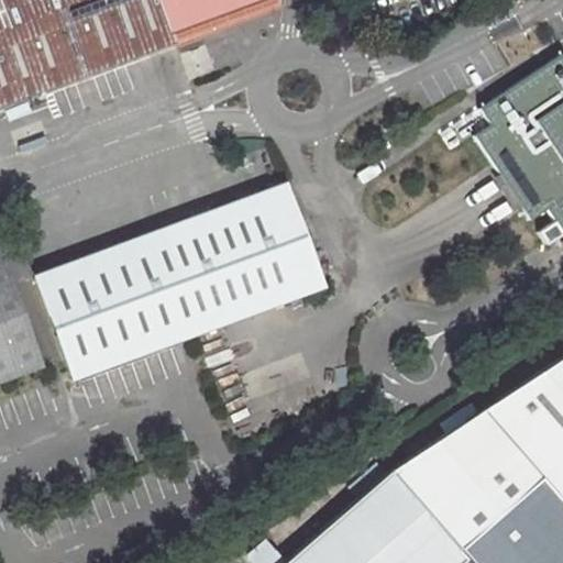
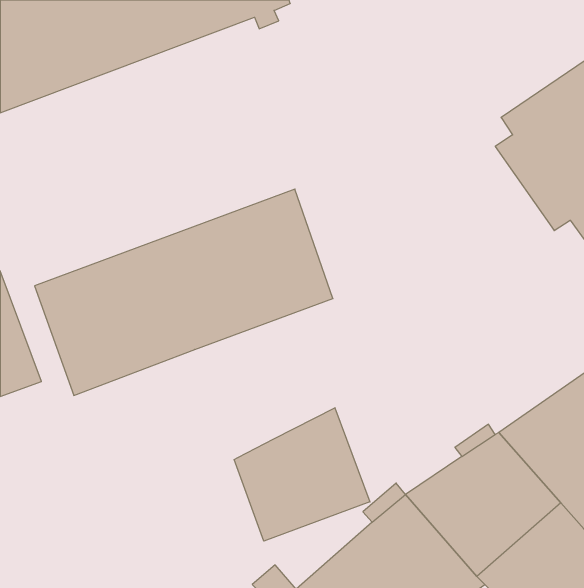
building: none -> [234,408,370,541]

